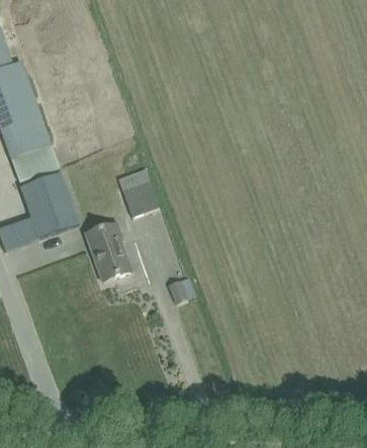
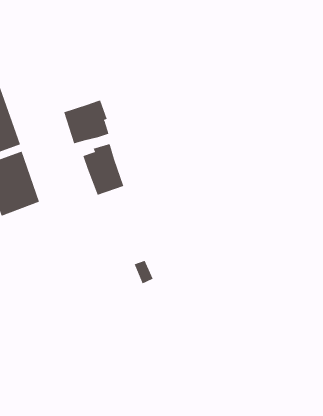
building: none -> [63,100,109,144]
building: [86,222,130,279] -> none

